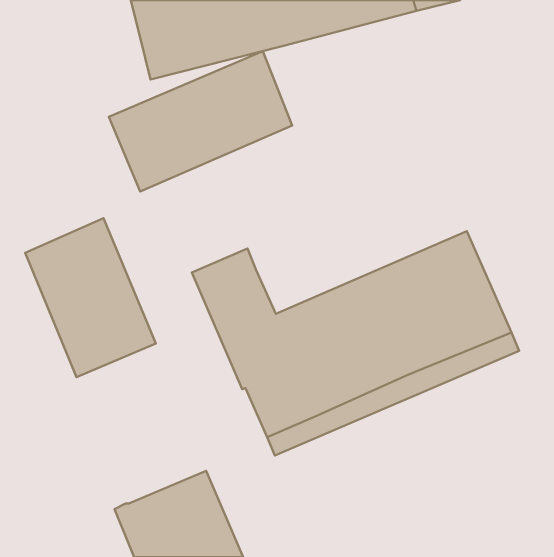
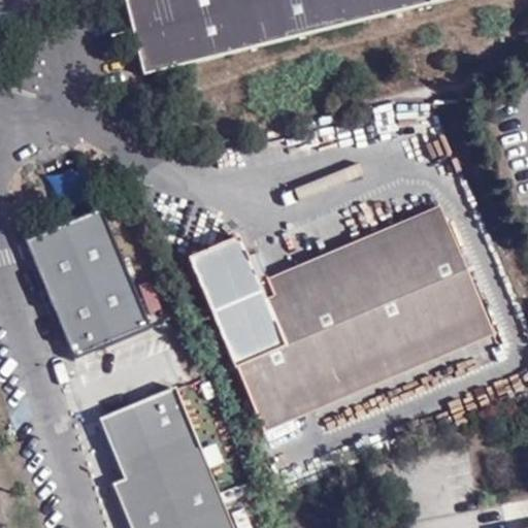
building: [109,51,292,191] -> none
building: none -> [245,202,444,297]
building: none -> [100,386,198,476]

